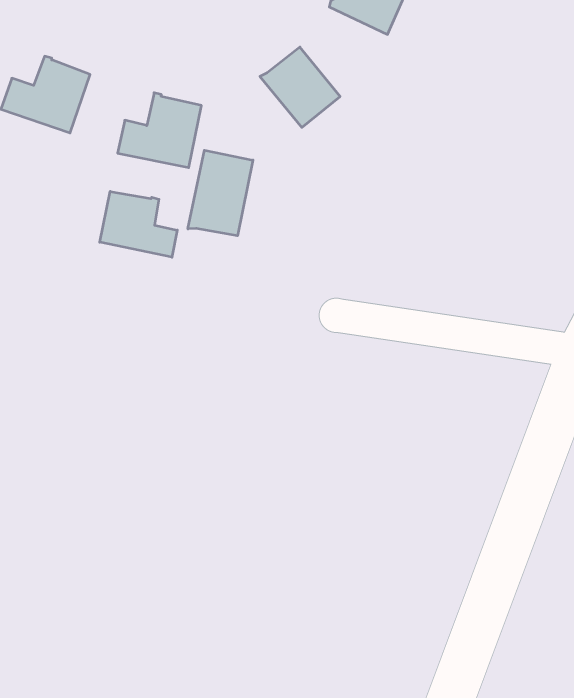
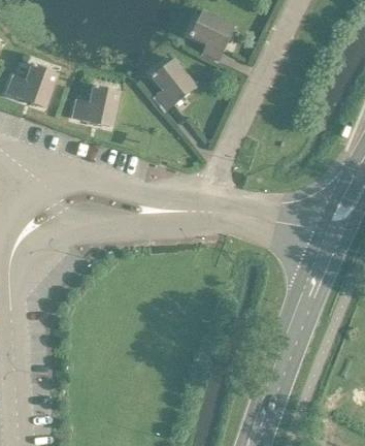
building: [188,150,253,236] -> none
building: [100,191,177,257] -> none

